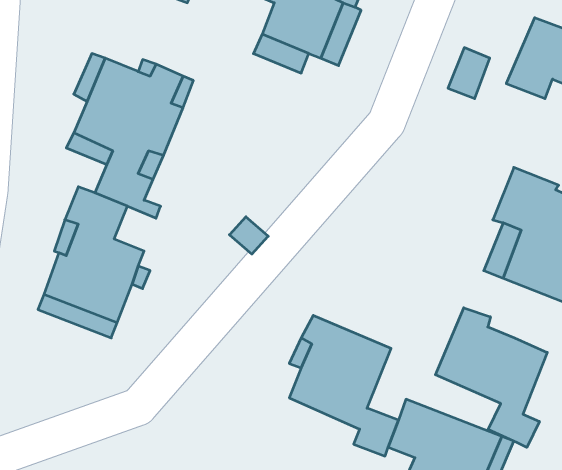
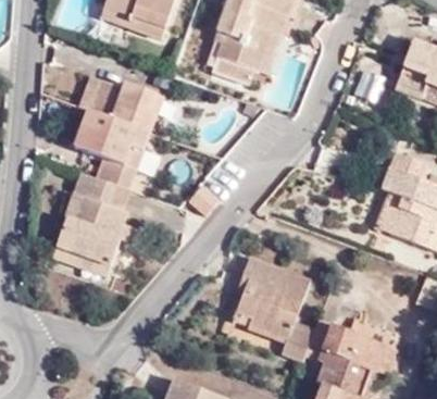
building: [435,308,547,447] -> none

